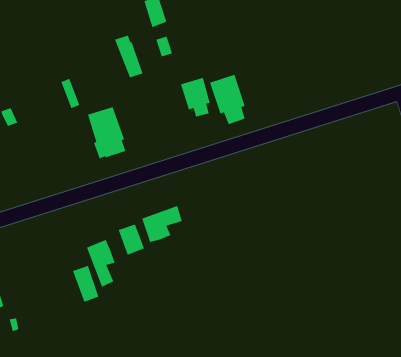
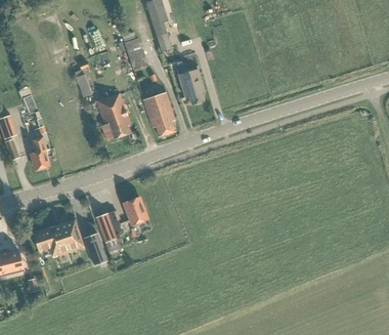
building: [209,74,246,125] -> [142,92,174,136]
building: none -> [30,136,49,170]
building: [141,205,182,243] -> none
building: none -> [32,219,83,257]

